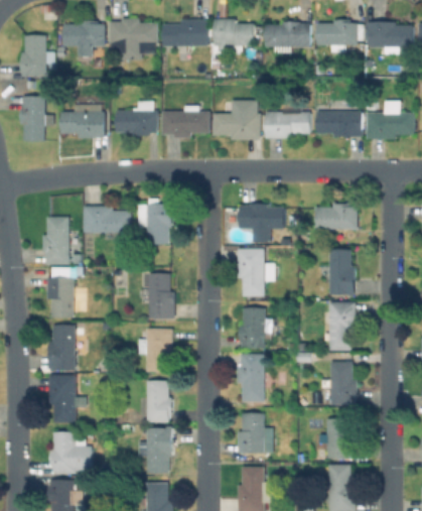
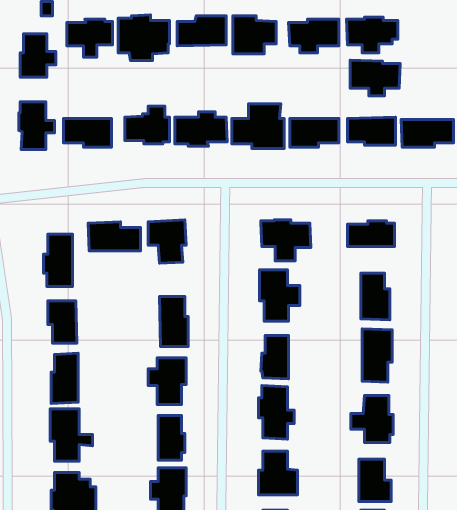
building: [367,21,412,53] -> [350,60,400,96]

